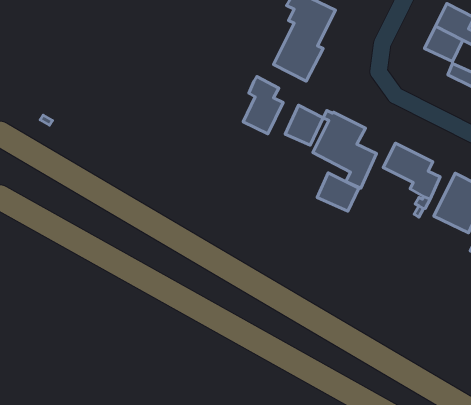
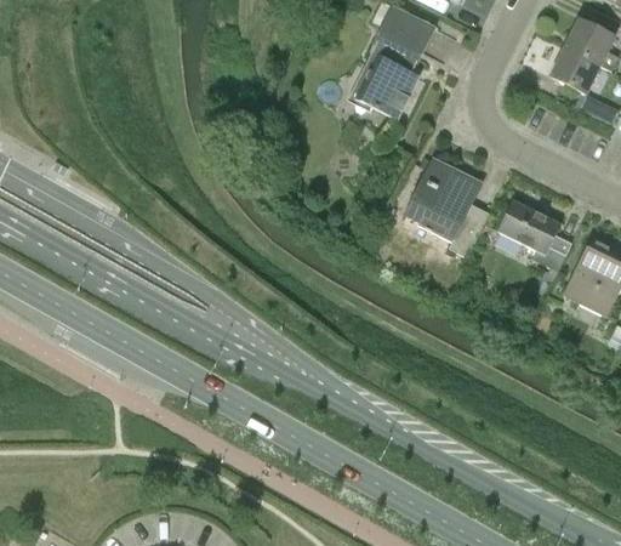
building: [243,76,283,134] -> none
building: [285,105,323,145] -> none
building: [317,173,359,211] -> none

